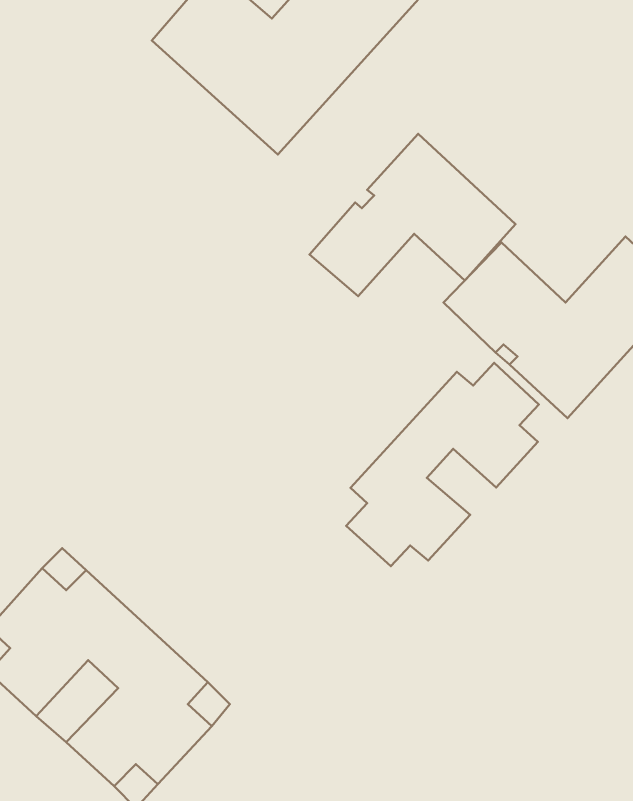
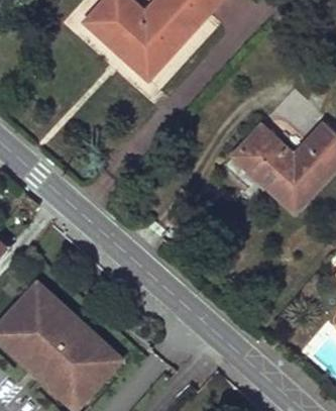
building: [309,134,516,296] -> none
building: [346,363,539,566] -> none

